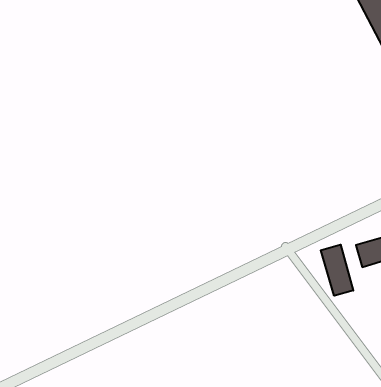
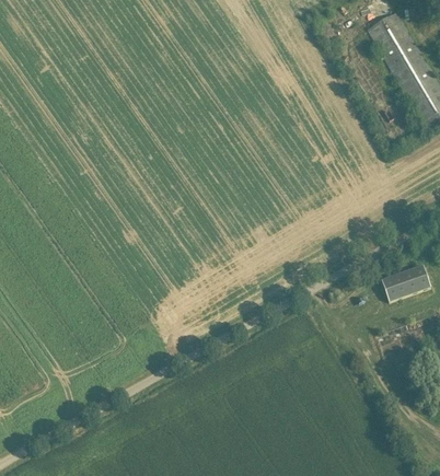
building: [321,245,353,296] -> none

